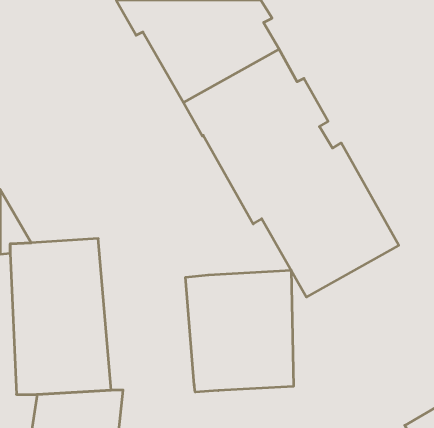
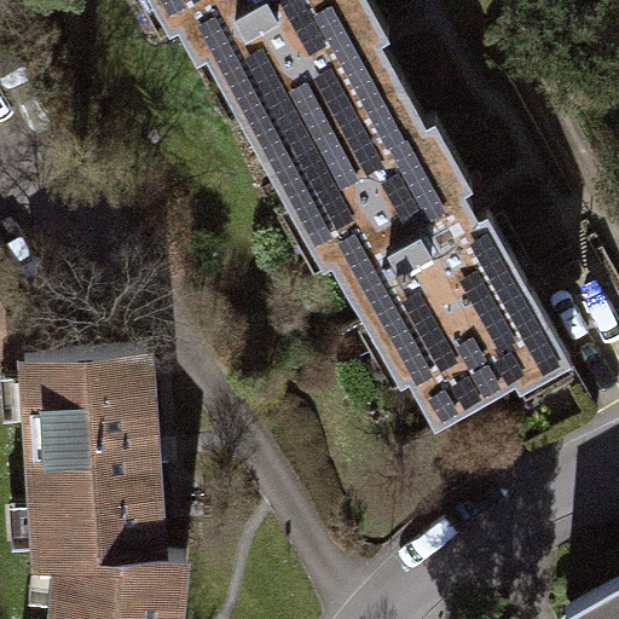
building: [186,270,293,392] -> none

